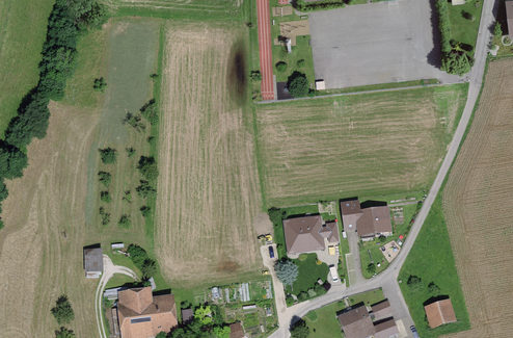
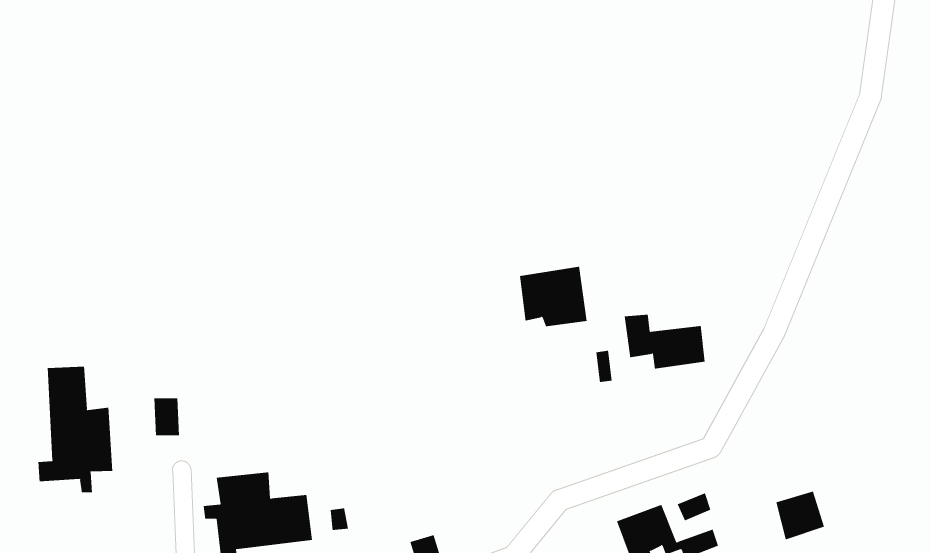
building: [285,217,322,251] -> [519,266,587,327]
building: none -> [38,366,113,493]

